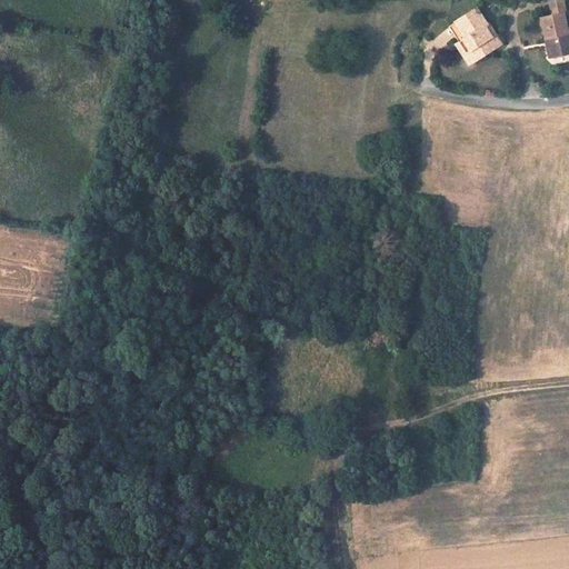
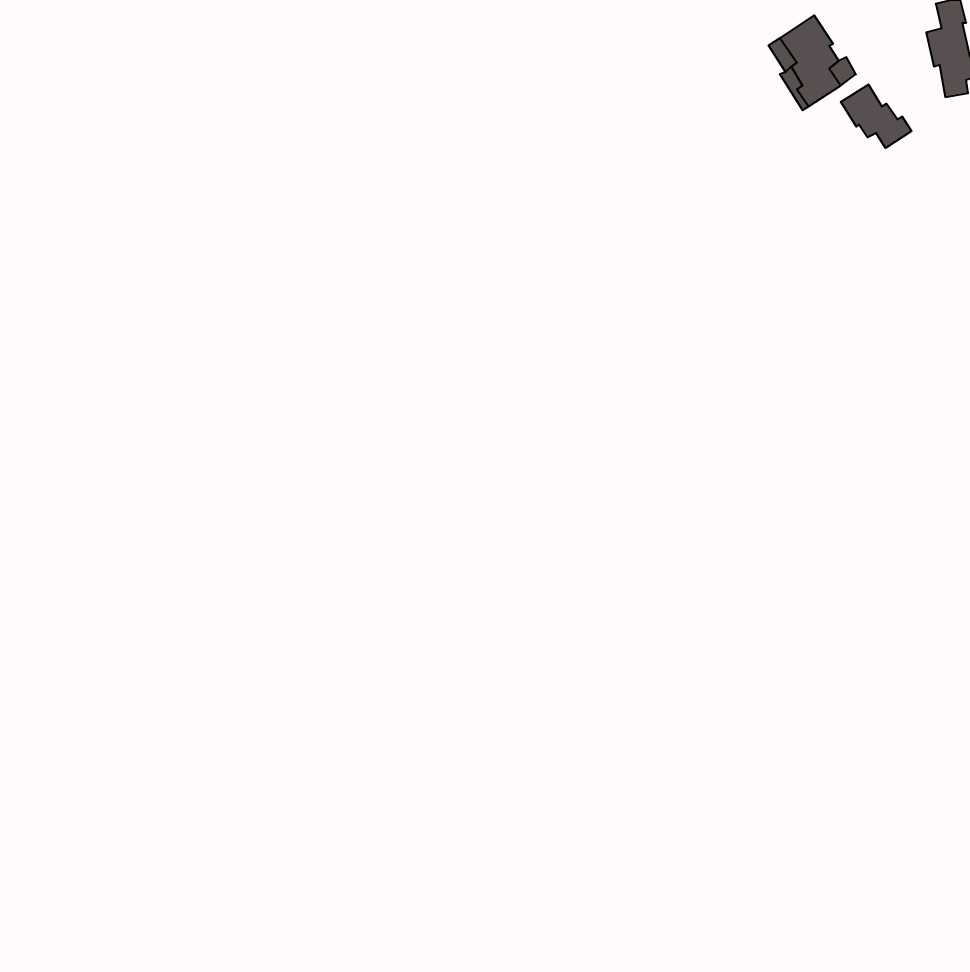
building: none -> [841,84,911,148]

